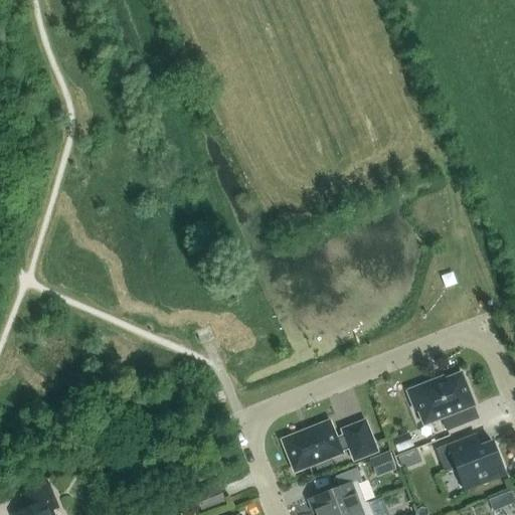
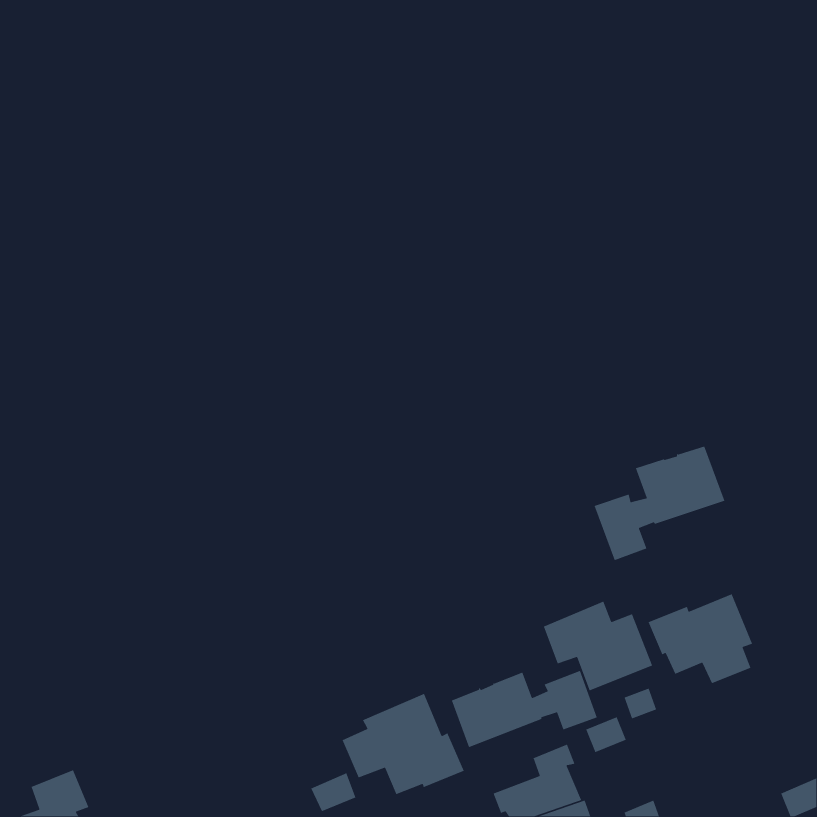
building: none -> [594,446,726,561]
building: [436,434,505,491] -> [543,600,653,692]
building: none -> [341,693,465,795]

